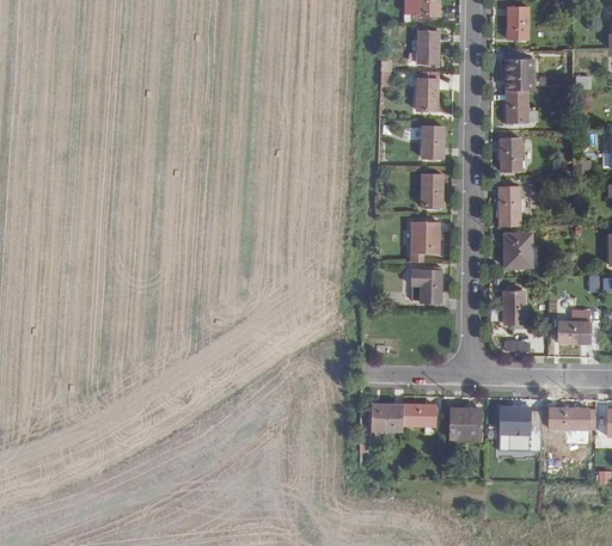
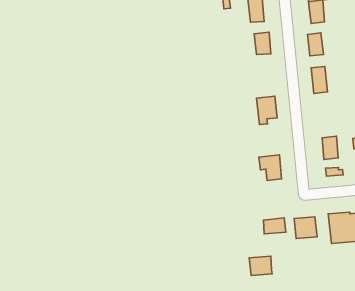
building: [420,174,441,208] -> none
building: [504,234,532,268] -> none
building: [409,268,440,303] -> [259,155,282,180]
building: [371,404,403,431] -> [249,256,272,275]

